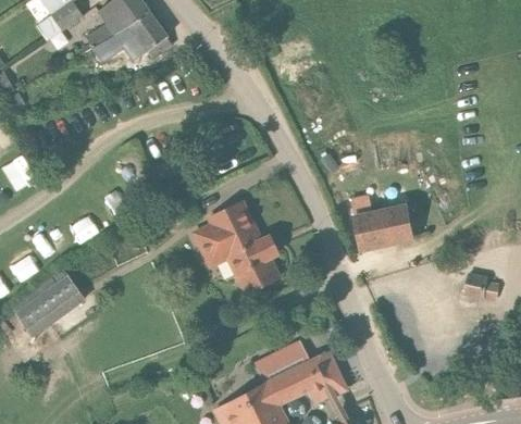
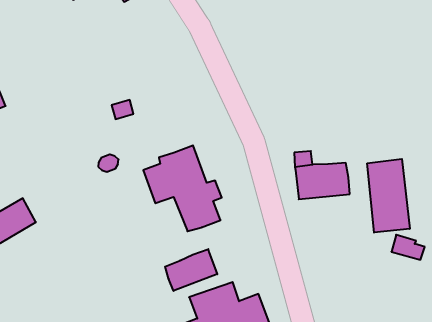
building: none -> [367,159,410,233]
building: none -> [165,249,217,291]

